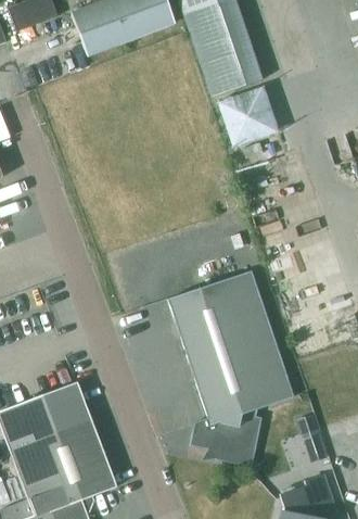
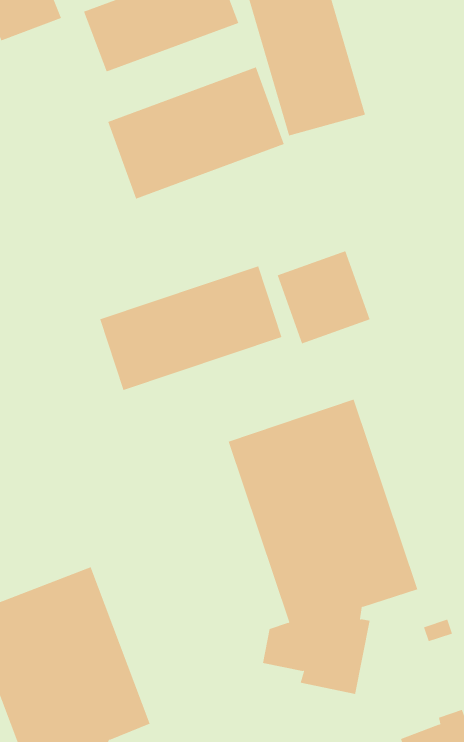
building: none -> [107,66,284,199]
building: [216,87,278,149] -> [277,251,370,344]
building: none -> [100,265,282,391]

